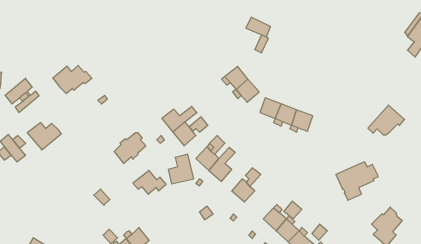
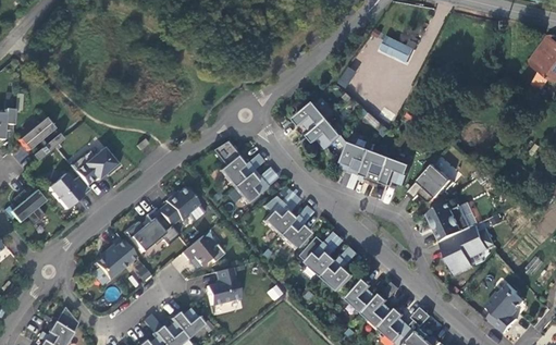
building: [246,17,271,37] -> [382,37,413,62]
building: [53,65,92,94] -> [69,149,119,185]
building: [368,105,405,135] -> [408,163,455,201]
building: none -> [427,201,471,242]
building: none -> [125,209,177,252]
building: [168,154,194,184] -> [206,268,238,306]
building: none -> [92,241,135,280]
building: none -> [323,247,356,291]

